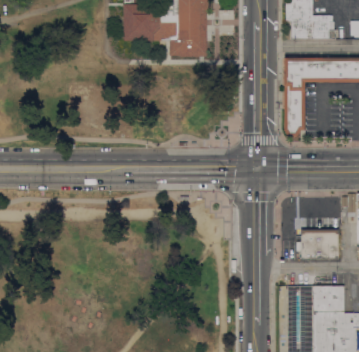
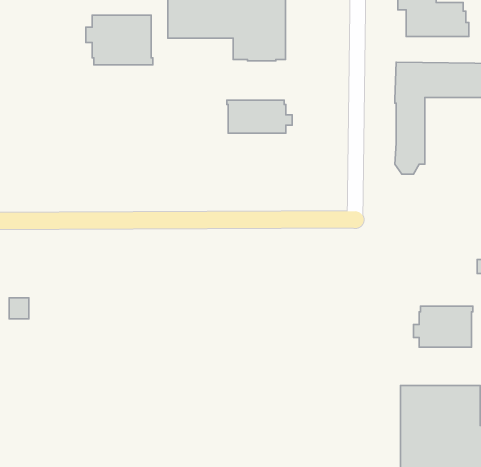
building: none -> [86,15,153,65]
building: none -> [227,100,292,133]

